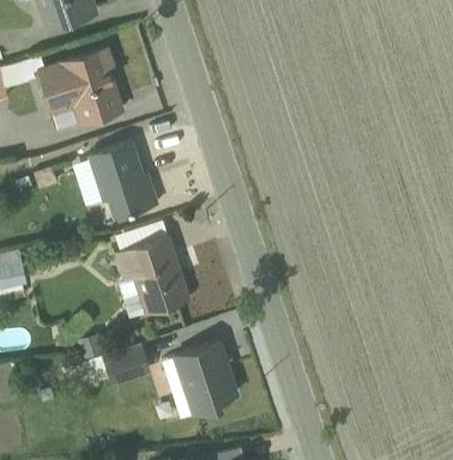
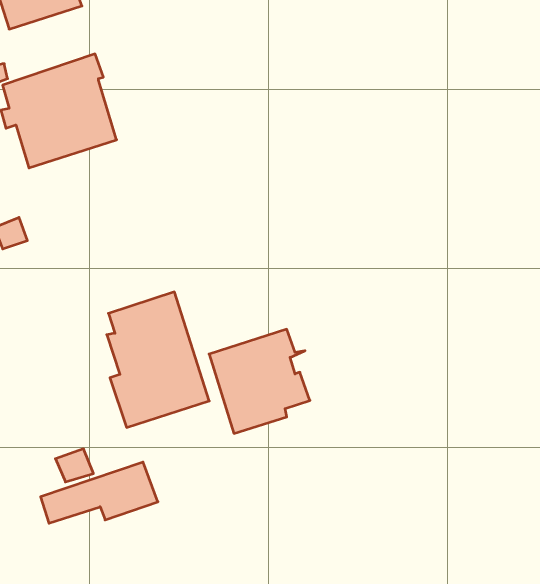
building: [89,141,159,222] -> none
building: [164,343,237,418] -> [209,329,310,433]

